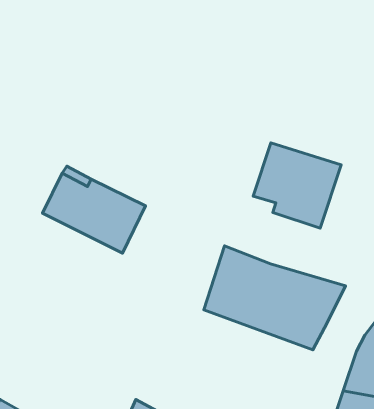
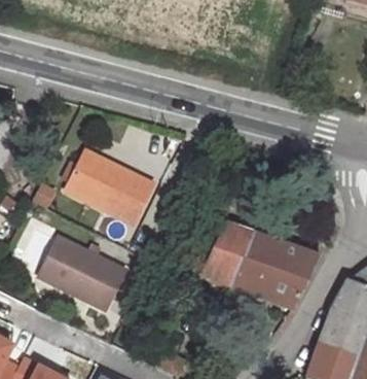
building: [253,143,341,228] -> none
building: none -> [39,241,126,315]

